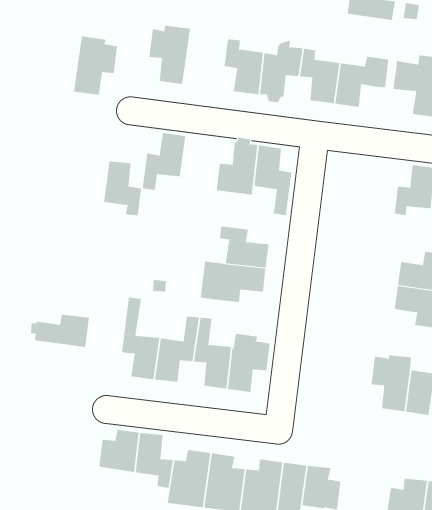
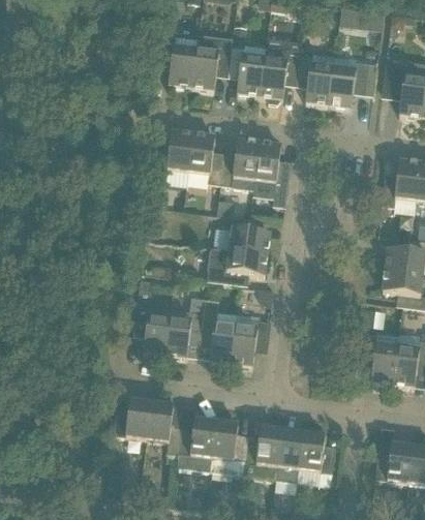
building: [73,36,118,95] -> [190,35,231,89]
building: [103,161,142,216] -> [188,132,223,182]
building: [30,314,89,348] -> none

